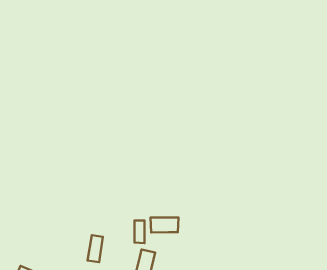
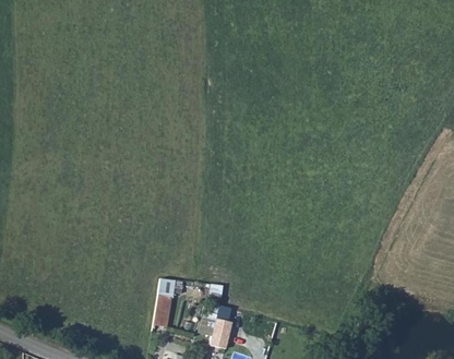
building: [151,218,179,232] -> none

